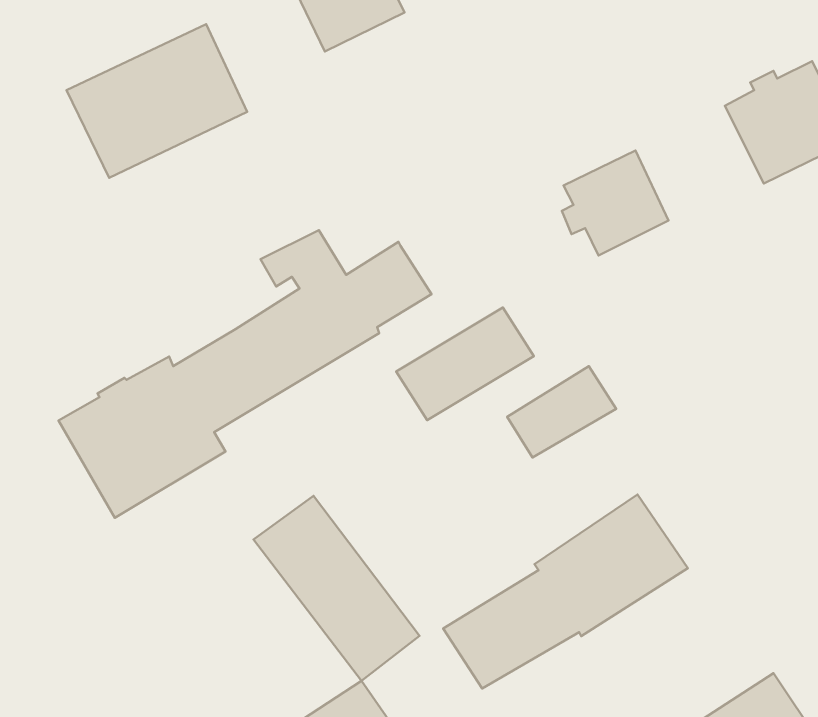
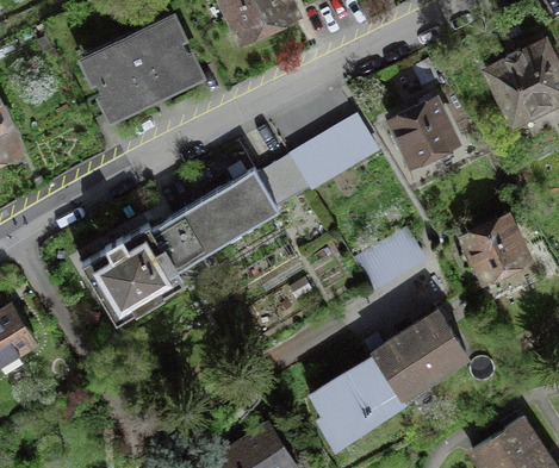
building: [396,308,534,420] -> [291,119,375,188]
building: none -> [462,217,528,281]
building: [254,496,420,681] -> none

